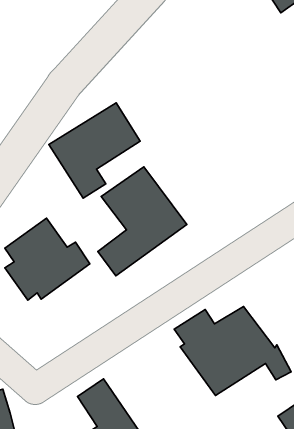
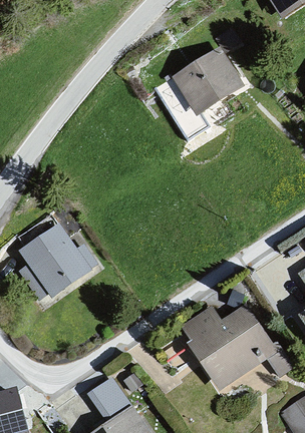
building: [49,103,140,198] -> [154,46,242,138]
building: [98,167,187,276] -> none

